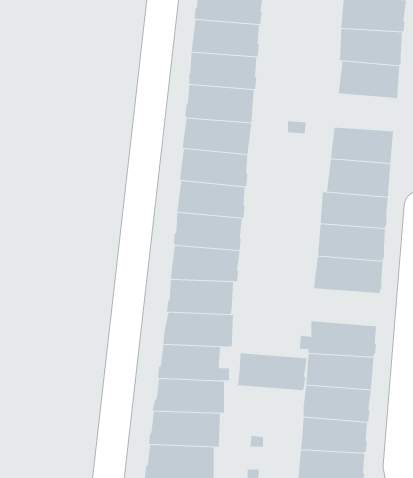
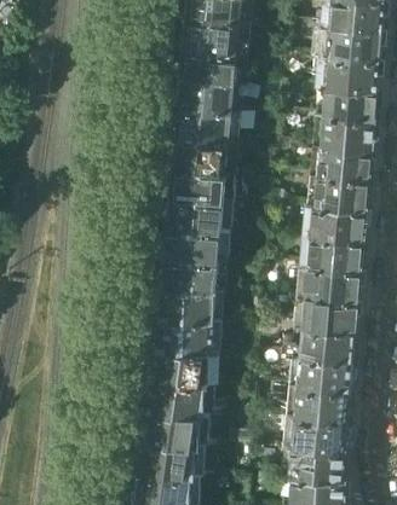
building: none -> [316,118,375,153]
building: [237,353,307,391] -> [294,300,359,335]

